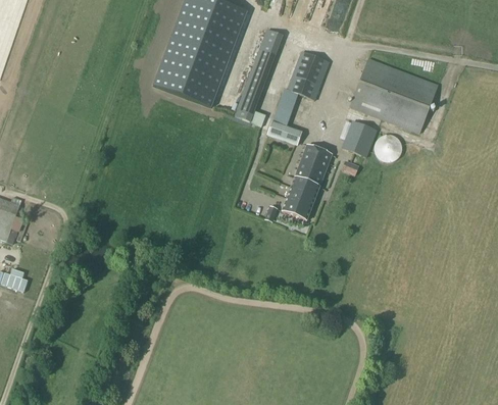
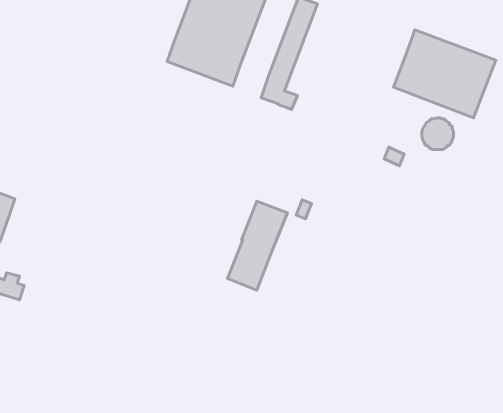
building: [267,50,331,145] -> none
building: [342,119,378,157] -> none
building: [281,144,333,221] -> [228,201,287,290]

